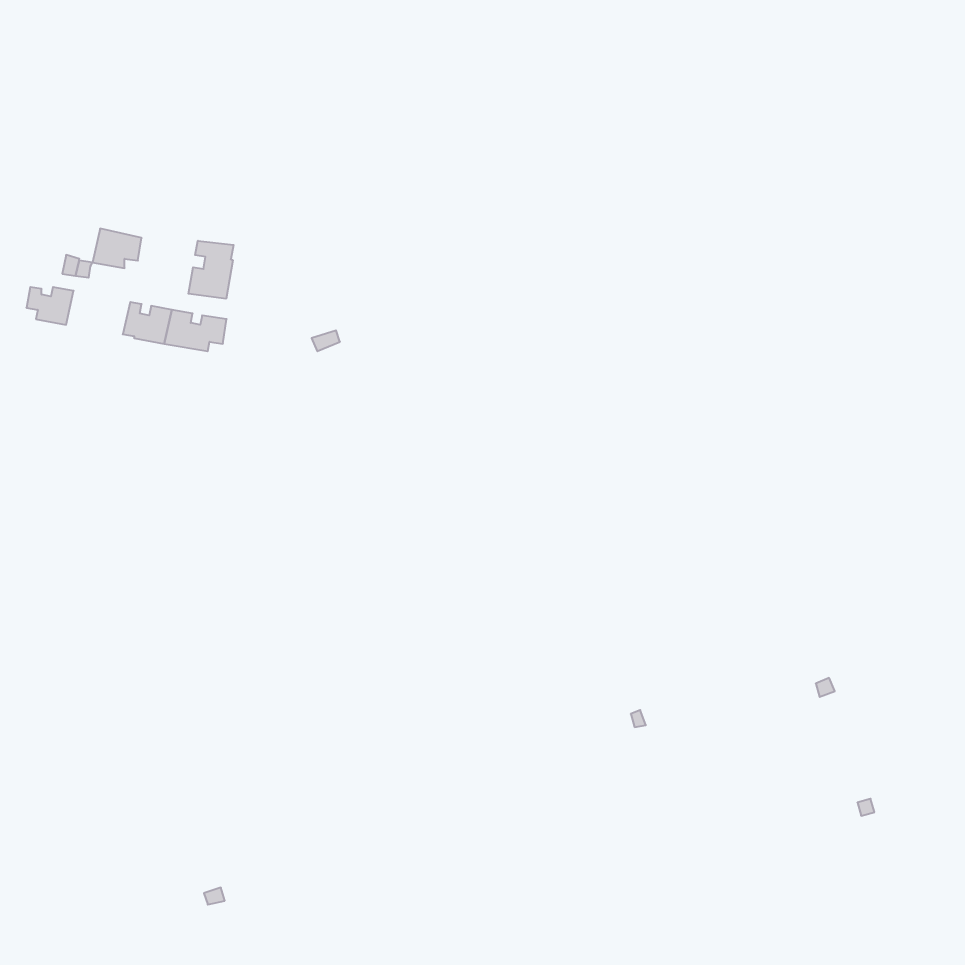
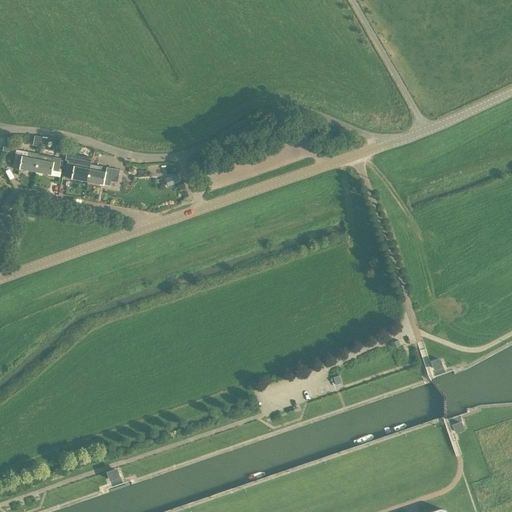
building: [93,229,142,268] -> [35,154,61,175]
building: [188,241,234,299] -> none

